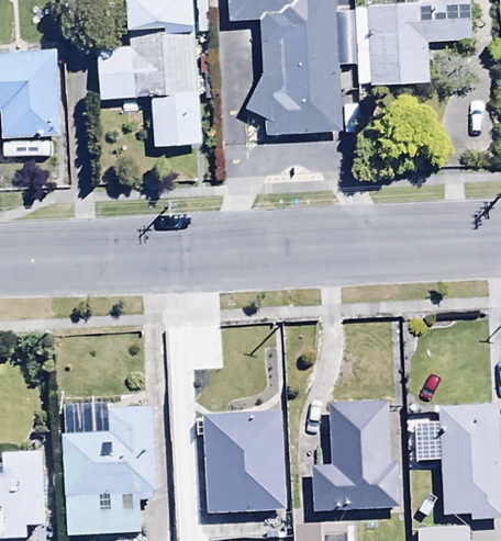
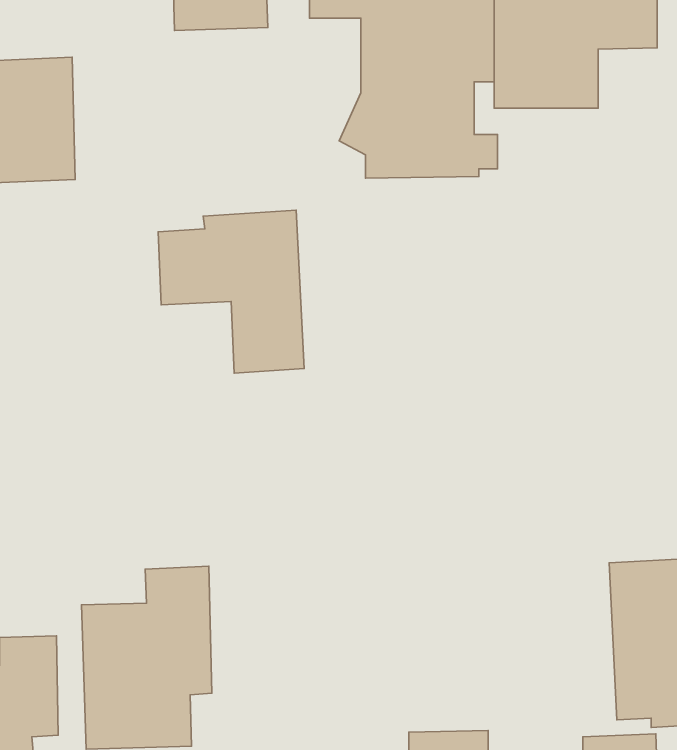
building: [98,29,201,144] -> [158,210,304,373]
building: [312,399,401,511] -> none
building: [197,409,286,514] -> none

